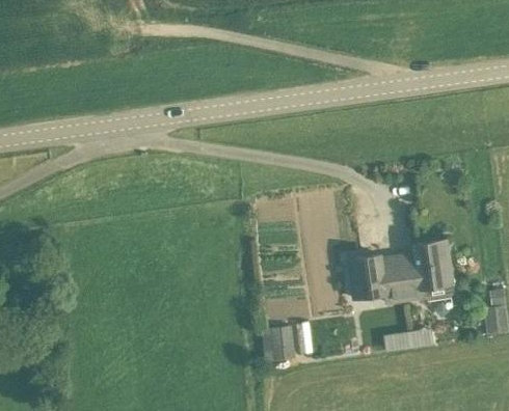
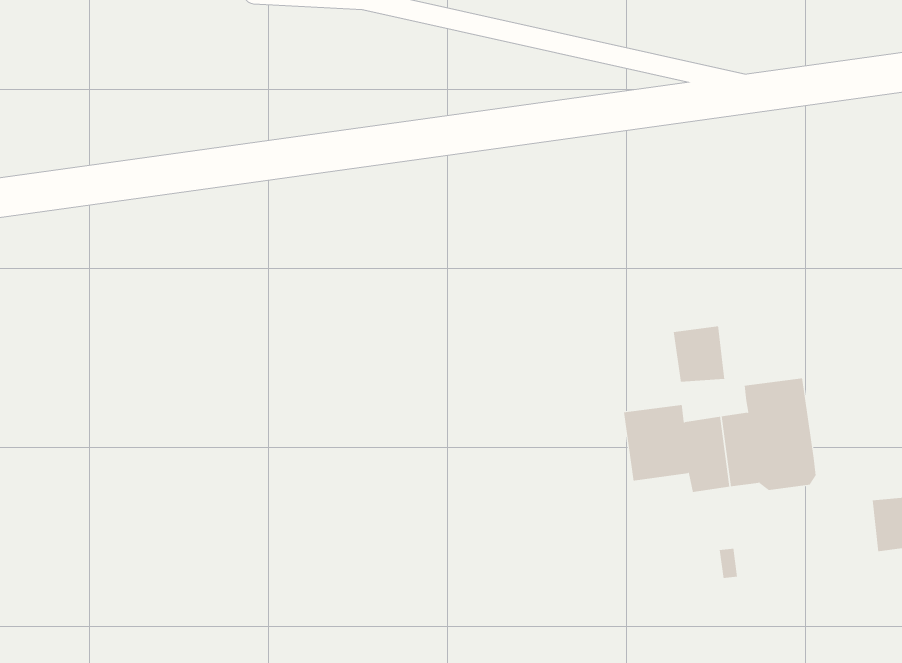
building: none -> [673,325,725,383]
building: [270,324,293,357] -> none

